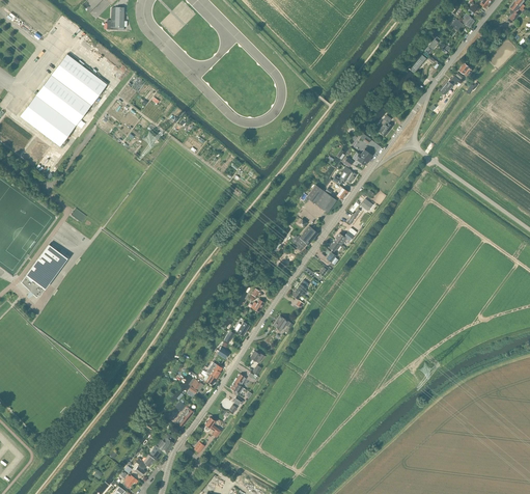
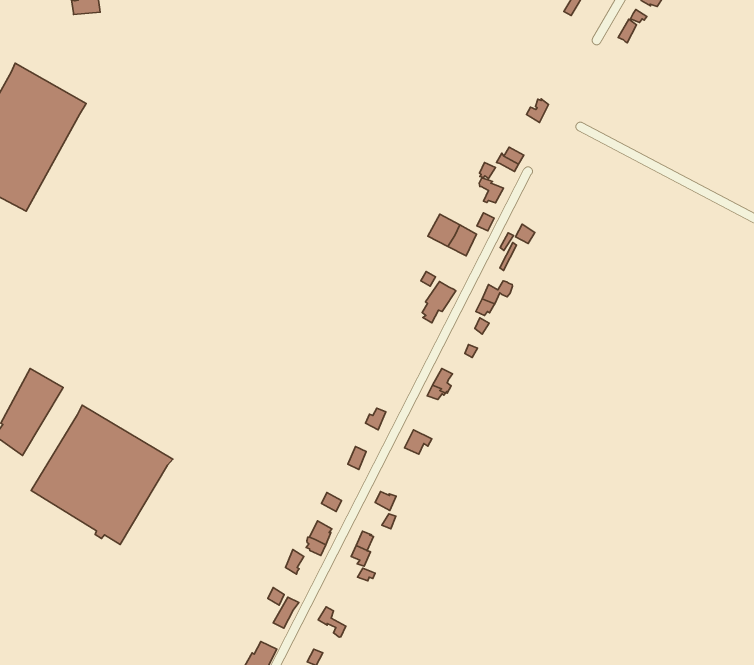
building: none -> [31,405,173,544]

